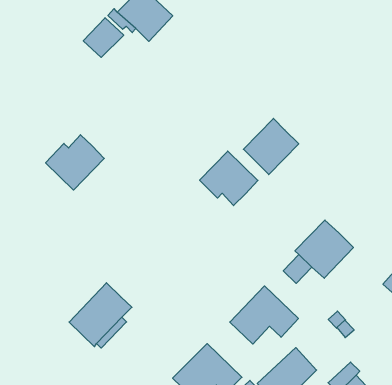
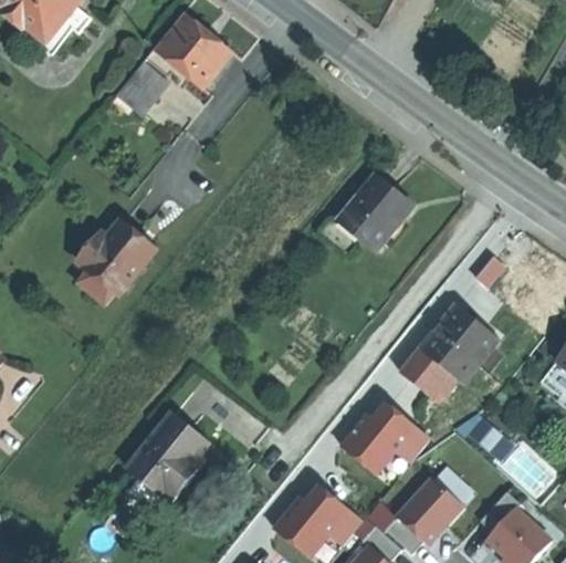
building: [200,151,258,206] -> none

